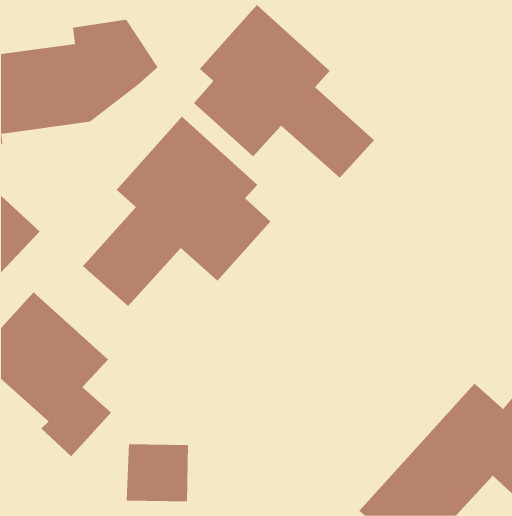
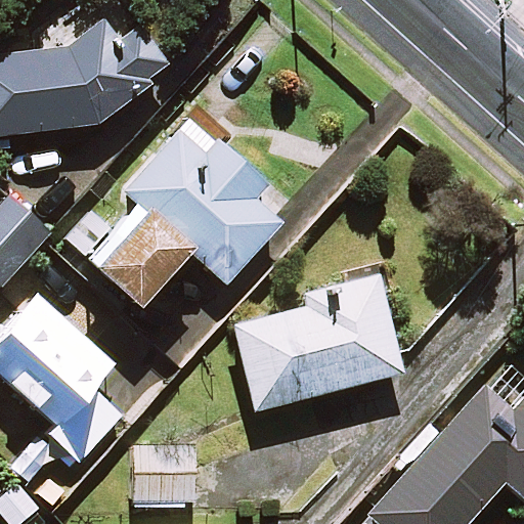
building: [193,4,375,179] -> none
building: none -> [233,276,401,410]

